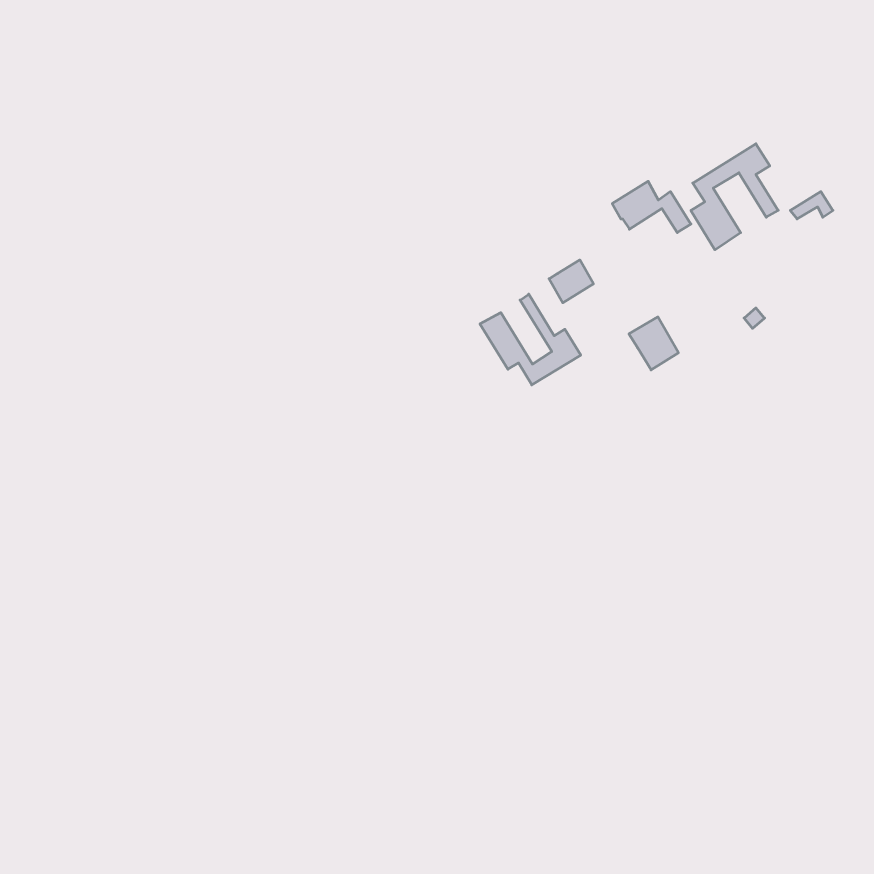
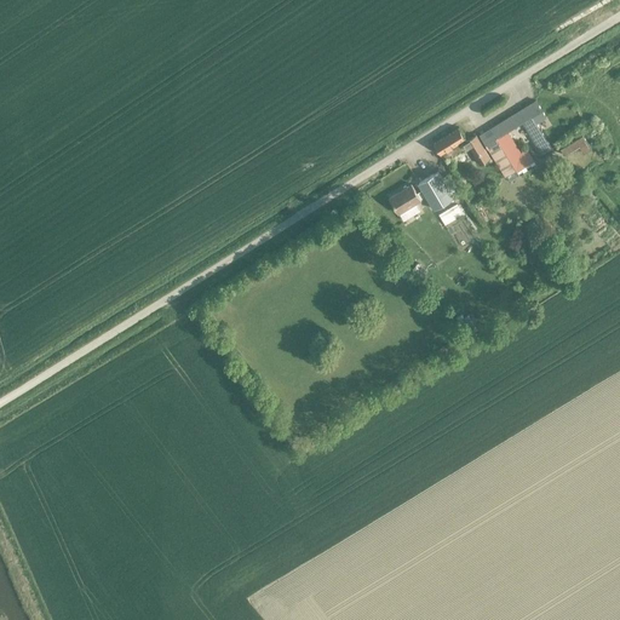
building: [480,294,581,385] -> none
building: [629,317,678,370] -> [418,172,453,209]

